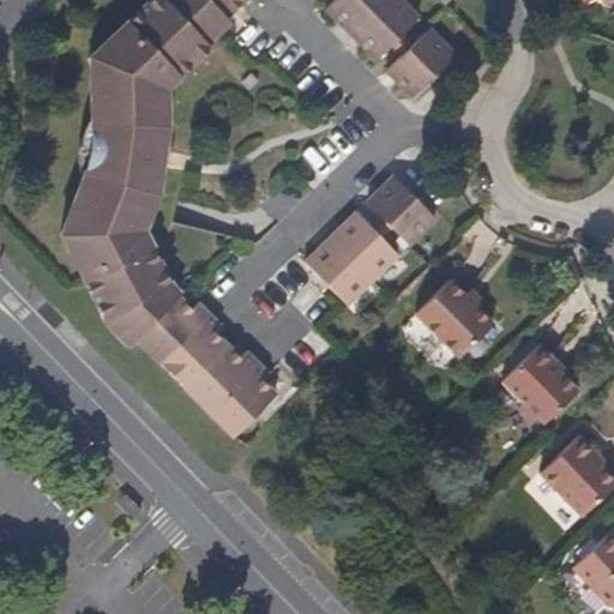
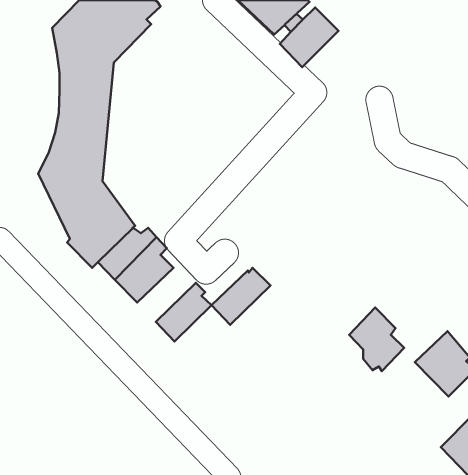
building: [311,176,443,306] -> none
building: [422,273,501,353] -> none
building: [187,343,263,416] -> [212,268,270,325]
building: [512,347,583,428] -> [349,308,404,371]

